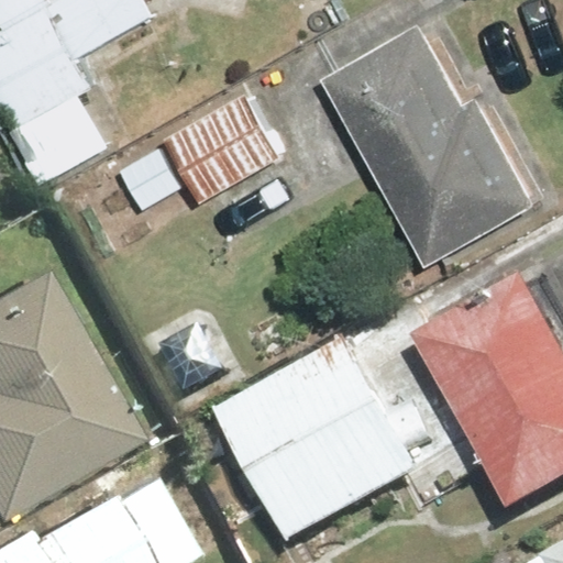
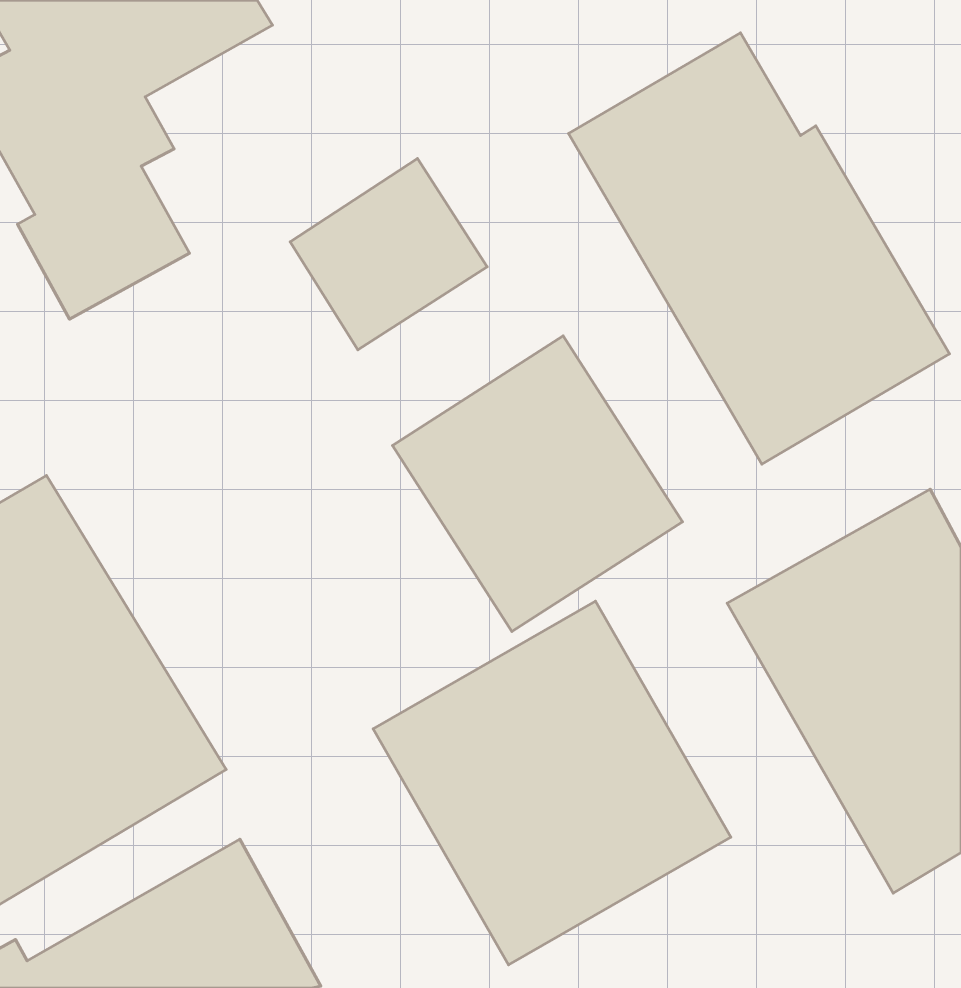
building: none -> [392,336,683,631]

